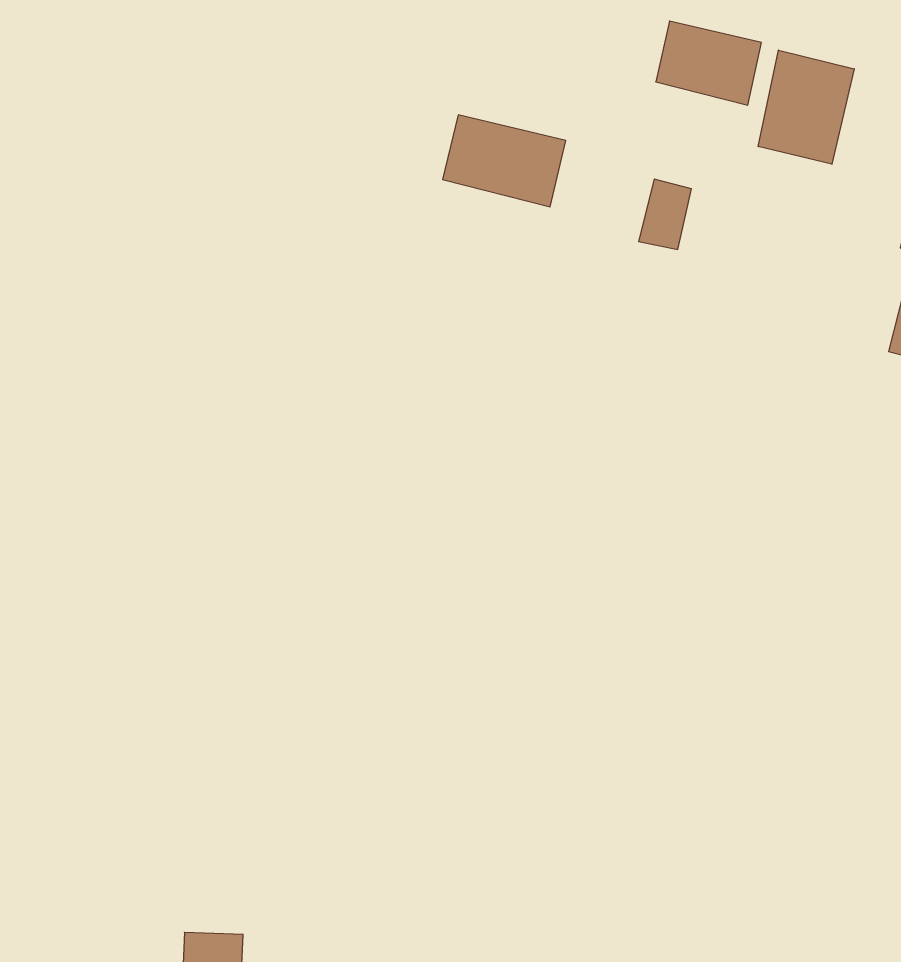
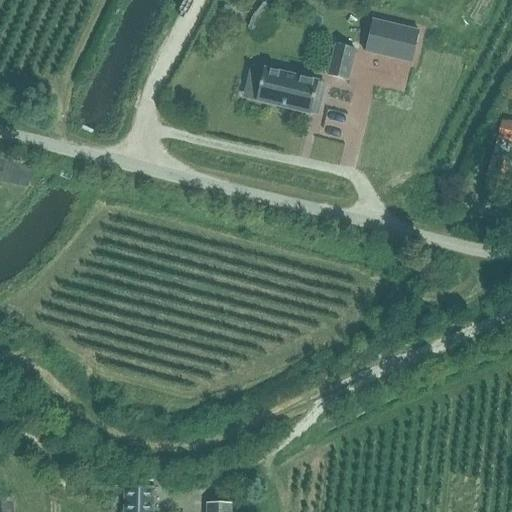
building: [758,50,854,164] -> none
building: [639,179,691,249] -> [329,42,356,78]

